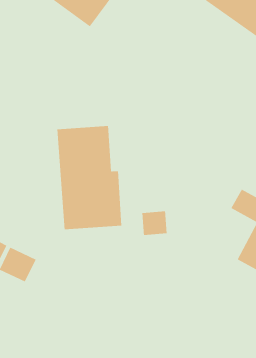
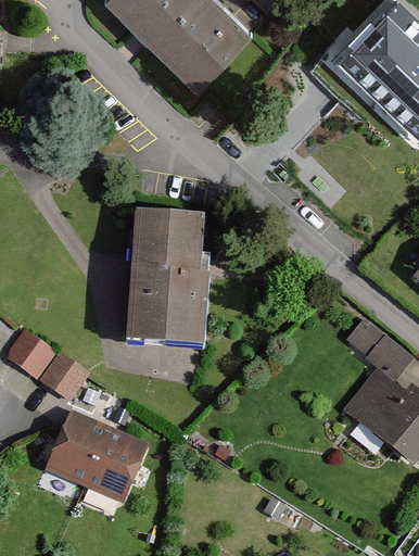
building: [142,210,167,236] -> none
building: none -> [46,410,148,502]

